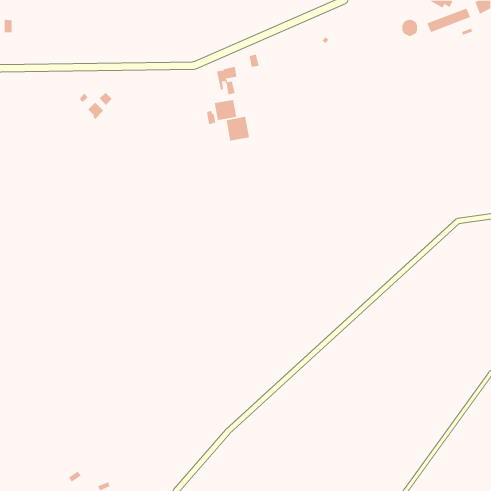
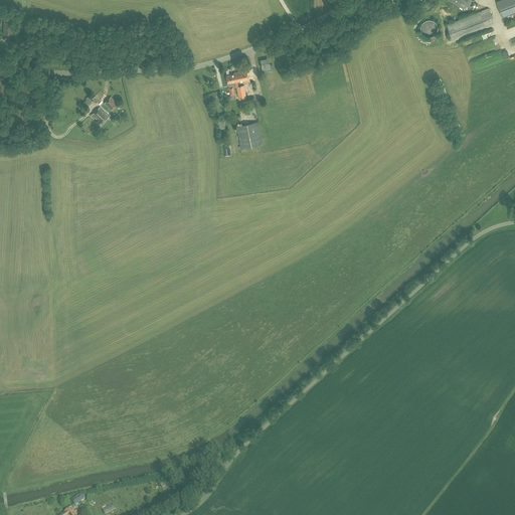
building: [214,99,237,121] -> none

